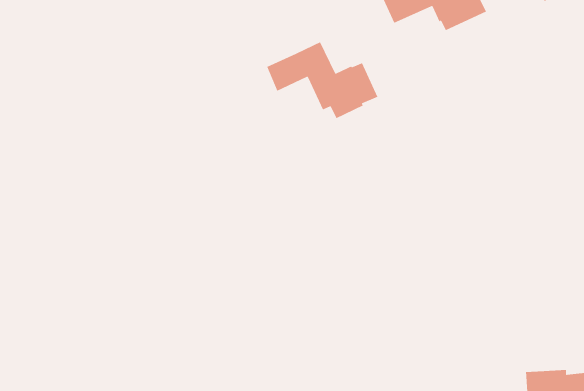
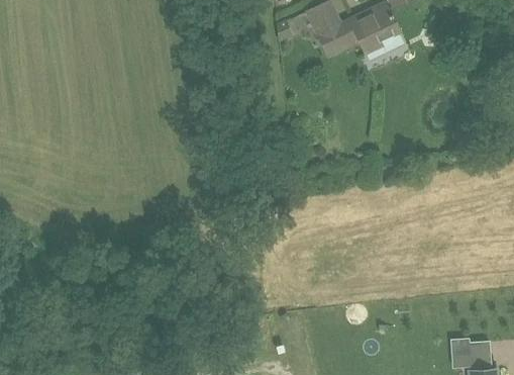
building: [266,41,379,119] -> none

